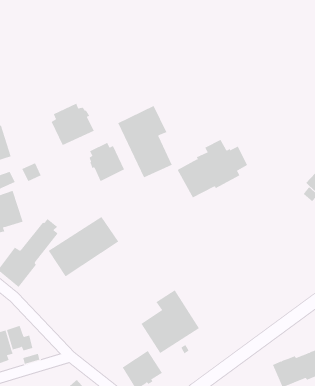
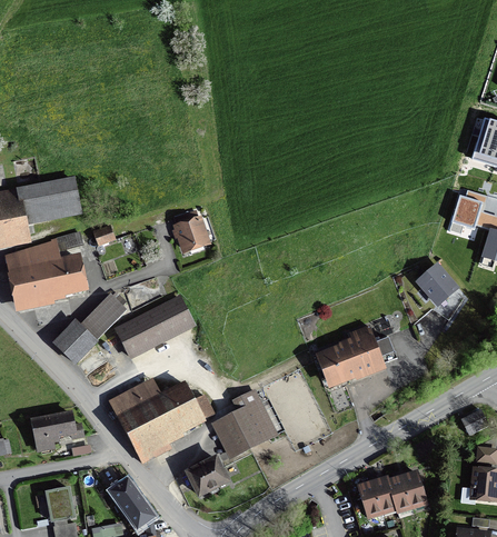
building: [51,103,95,146] -> none
building: [118,105,172,178] -> none
building: [177,139,248,198] -> [315,324,397,388]
building: none -> [108,376,216,464]

